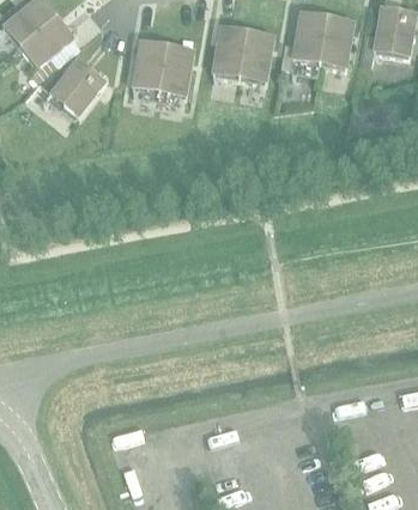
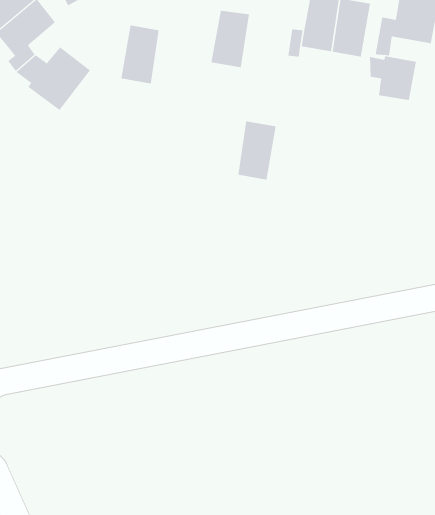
building: [240,29,274,81] -> [237,121,276,180]
building: [159,43,194,96] -> none
building: none -> [369,55,416,101]

